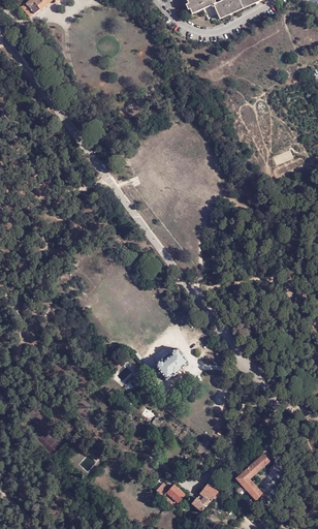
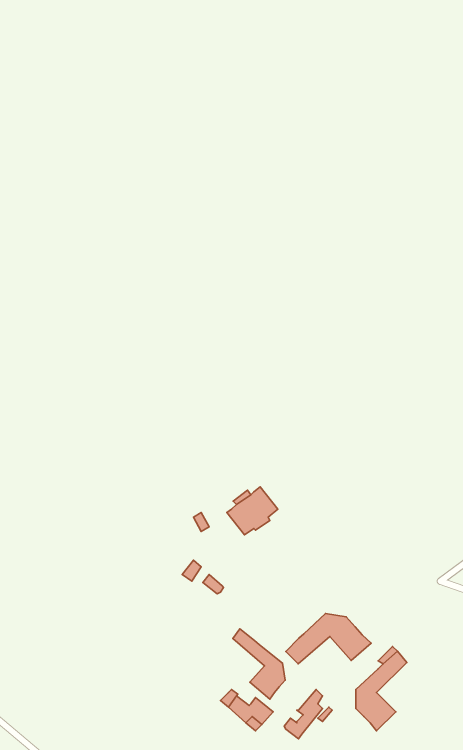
building: none -> [286,613,371,664]
building: none -> [233,629,285,699]

